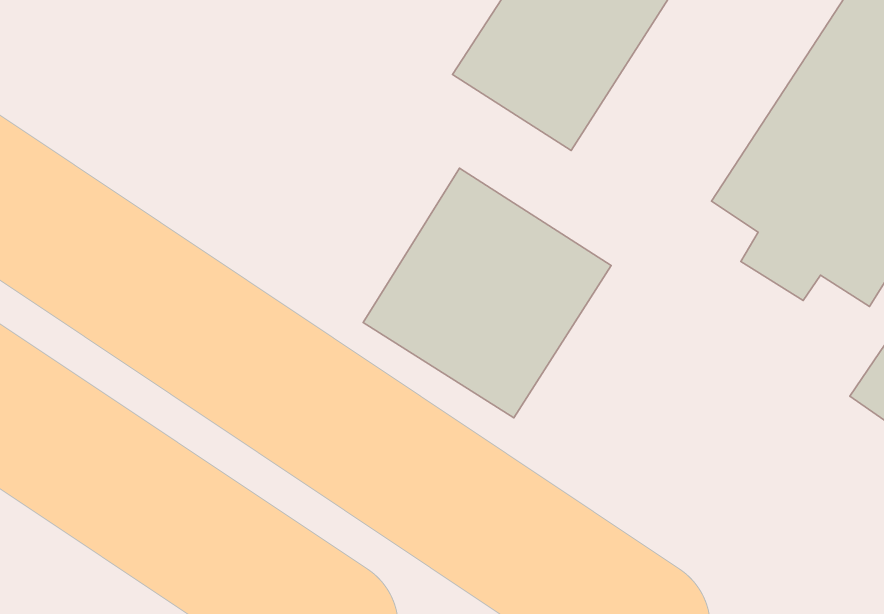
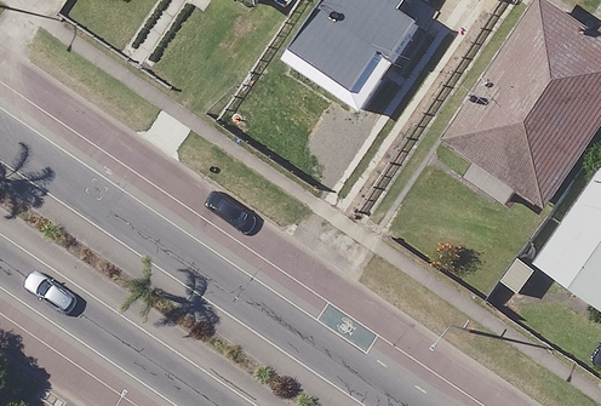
building: [363,168,611,418] -> none

